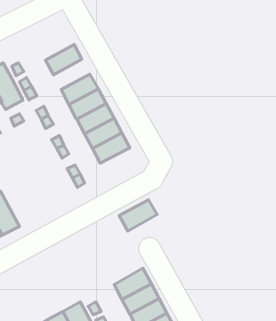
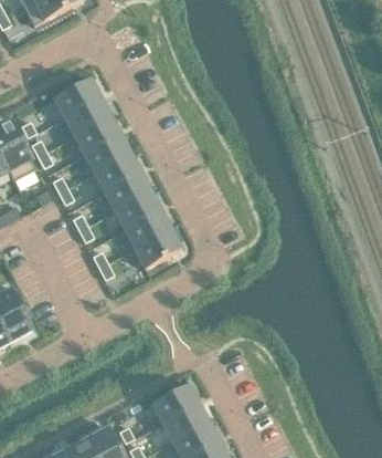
building: none -> [54,76,102,116]
building: none -> [75,115,121,154]
building: [119,200,157,231] -> [135,228,183,268]

